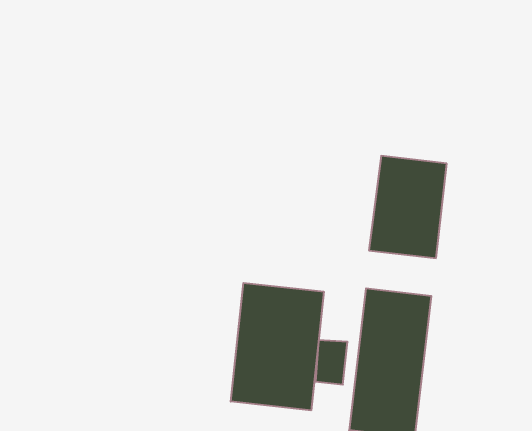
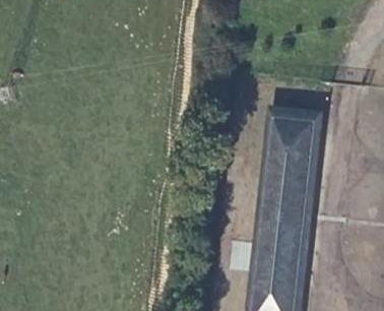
building: none -> [262,181,309,211]
building: [231,283,324,410] -> none

